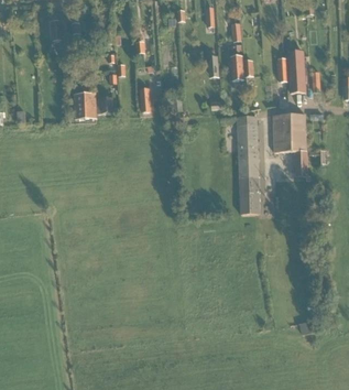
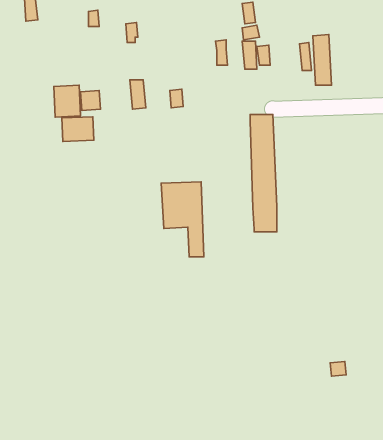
building: [272,112,307,174] -> [161,182,204,257]
building: none -> [62,117,94,141]

